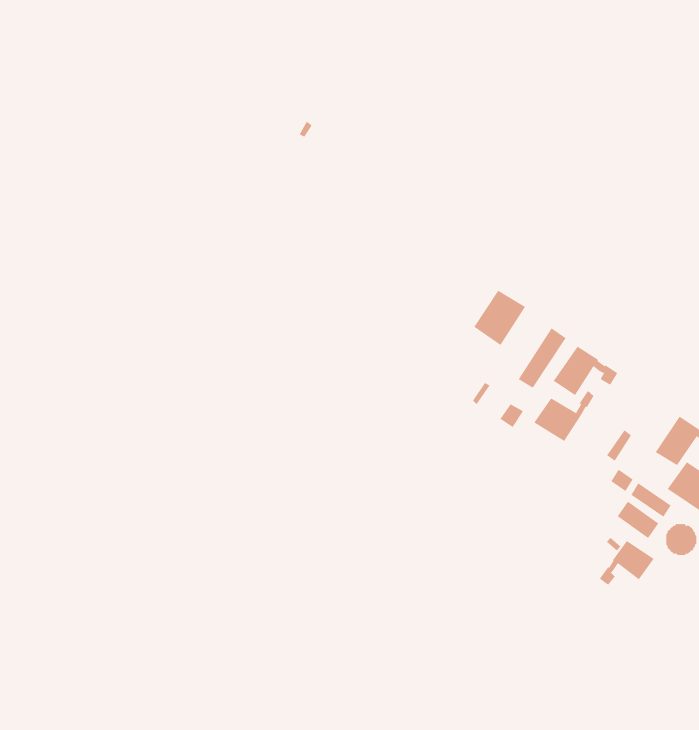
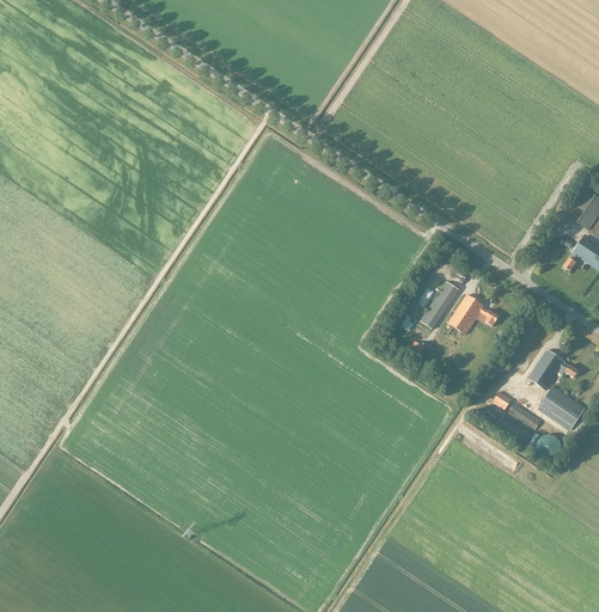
building: [473,290,526,346] -> none
building: [533,390,594,442] -> none
building: [599,540,654,586] -> none

